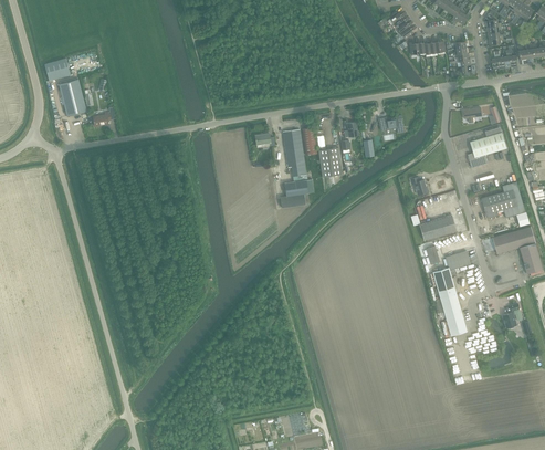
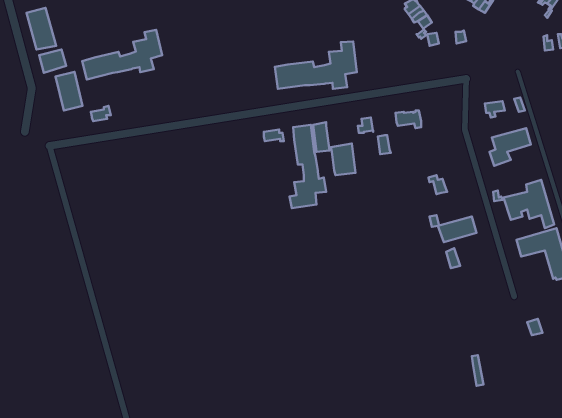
building: none -> [27,8,56,50]
building: none -> [82,30,162,79]
building: none -> [275,41,357,89]
building: [432,250,469,333] -> none

